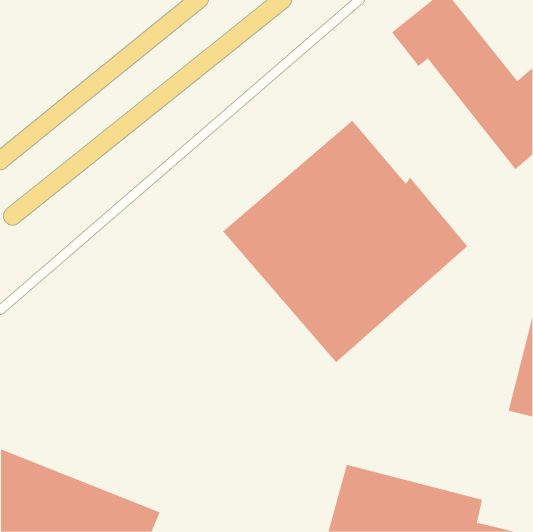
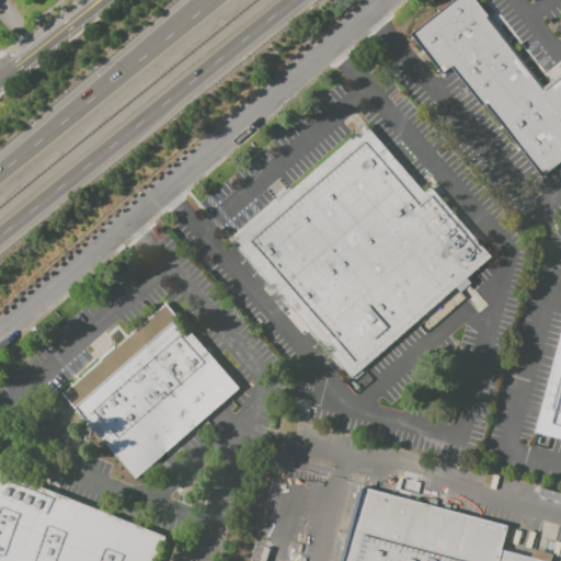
building: none -> [64,307,241,482]

